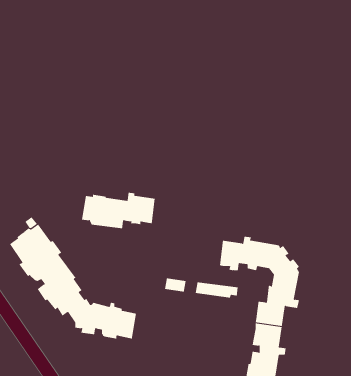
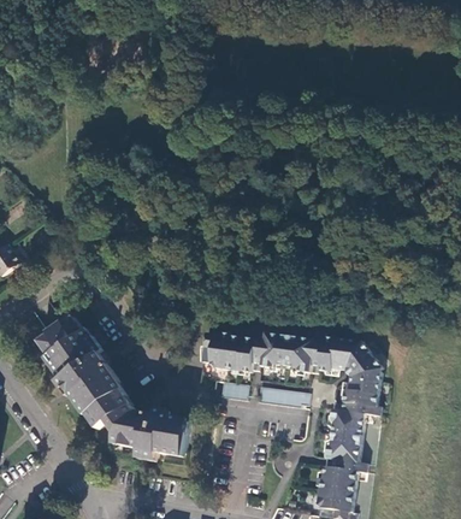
building: [81,192,155,229] -> [201,330,289,373]

